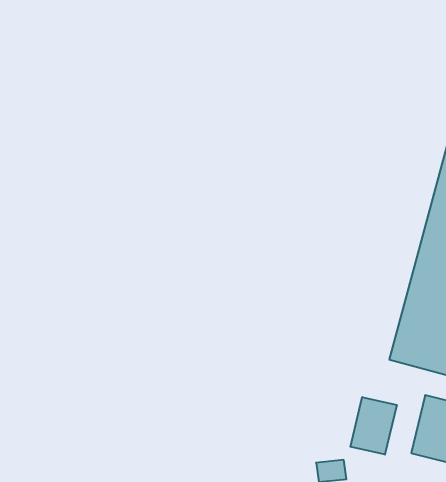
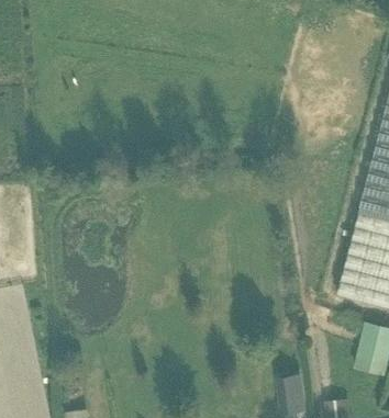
building: [350,397,397,455] -> none

